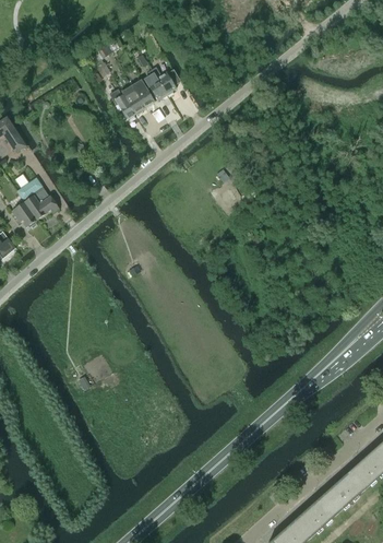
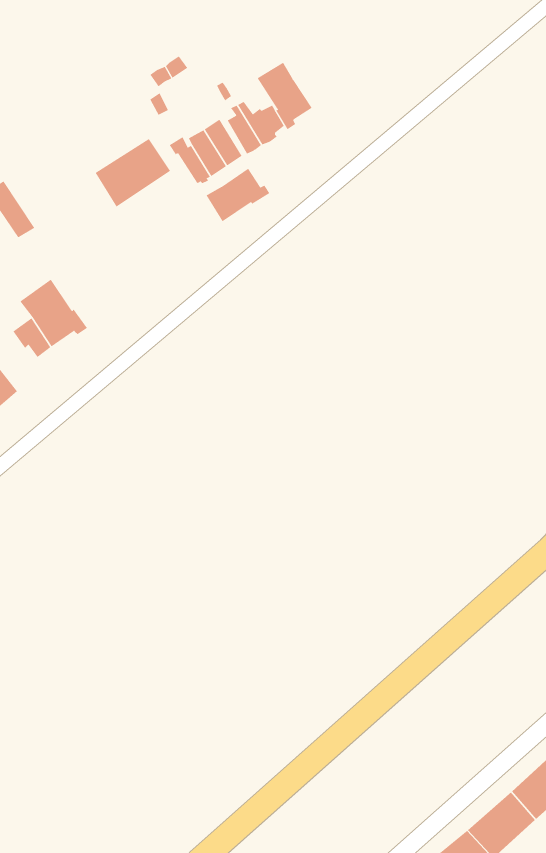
building: none -> [257,62,313,130]
building: none -> [95,138,171,208]
building: none -> [206,168,270,222]

